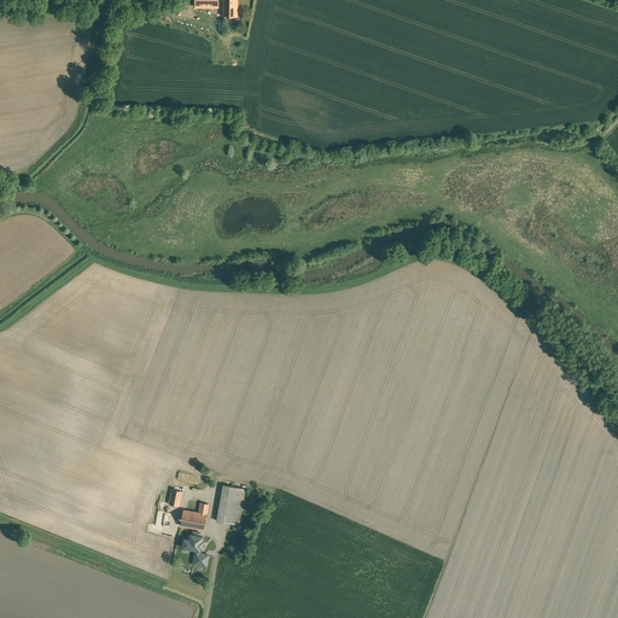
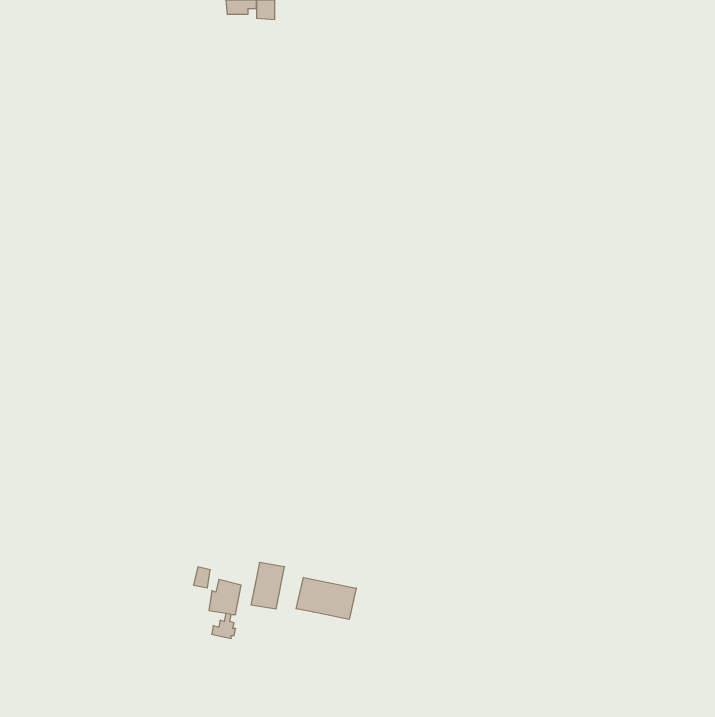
building: none -> [296,577,356,619]

